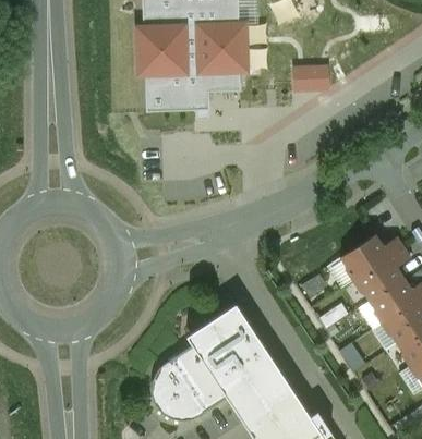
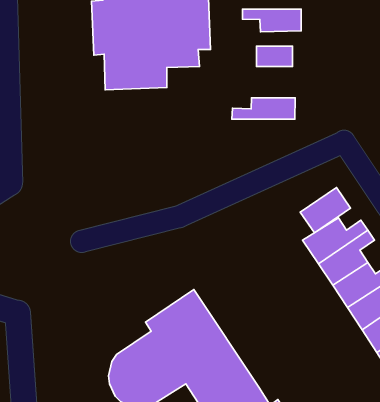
building: none -> [242,9,301,32]
building: none -> [232,98,295,119]
building: none -> [300,188,351,233]

